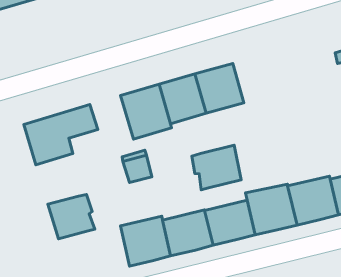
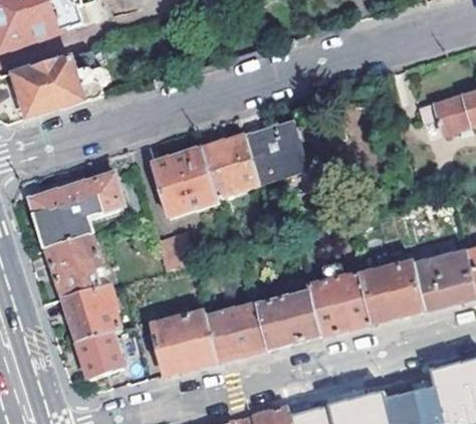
building: none -> [11,53,106,115]
building: [192,145,241,190] -> none
building: none -> [46,232,103,295]
building: none -> [74,329,123,379]

